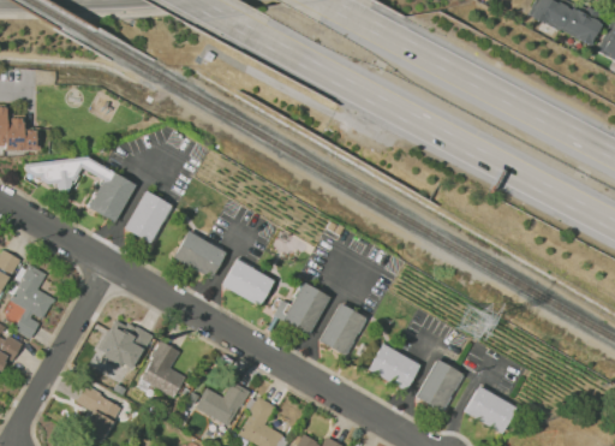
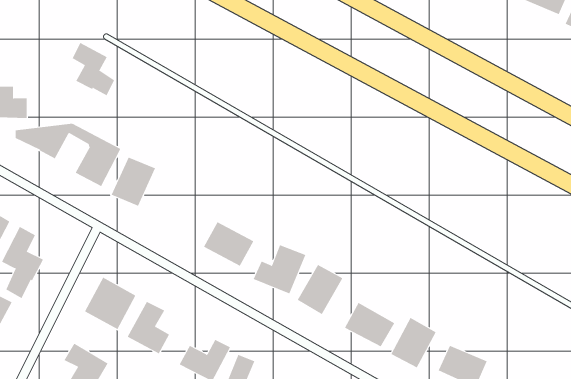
building: none -> [72,42,115,96]
building: [173,231,226,279] -> none

